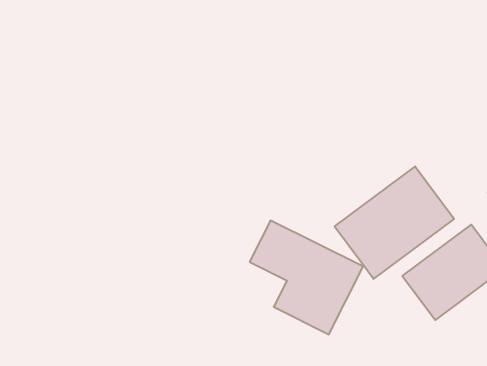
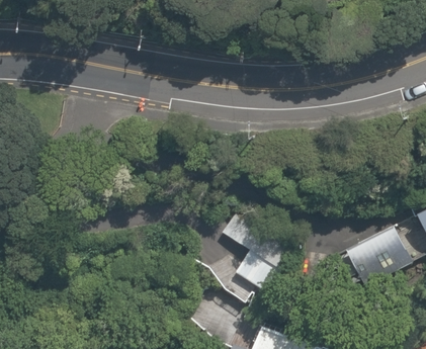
building: [335,166,454,279] -> none

